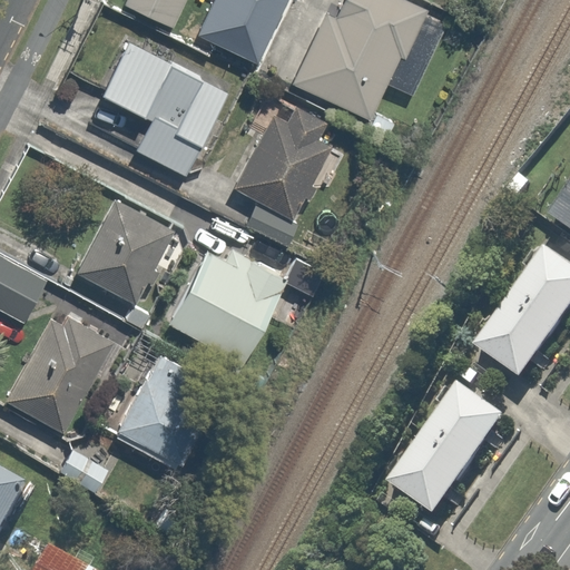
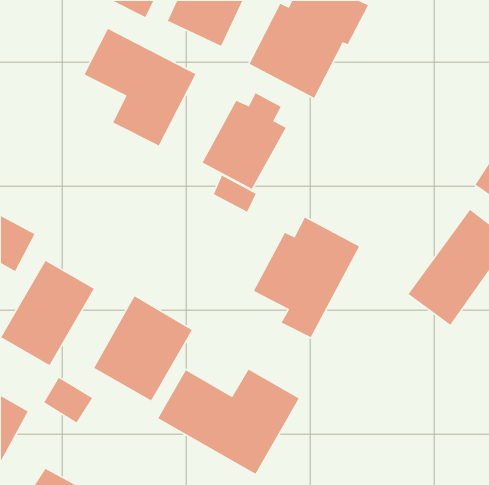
building: [72,196,175,303] -> none
building: [166,234,291,375] -> [253,216,360,338]
building: [391,390,507,520] -> none
building: none -> [157,368,300,475]

